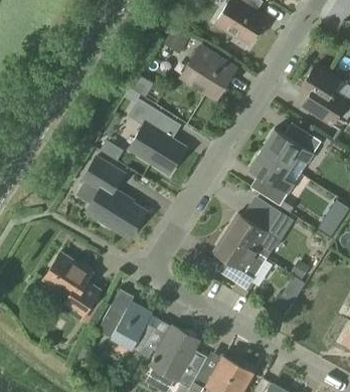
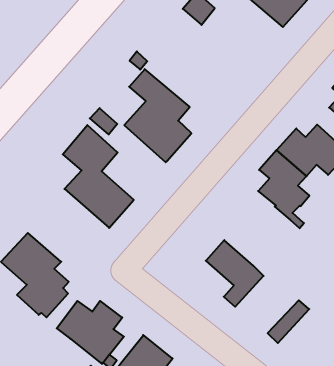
building: [182,45,235,97] -> none
building: [228,205,286,258] -> none

